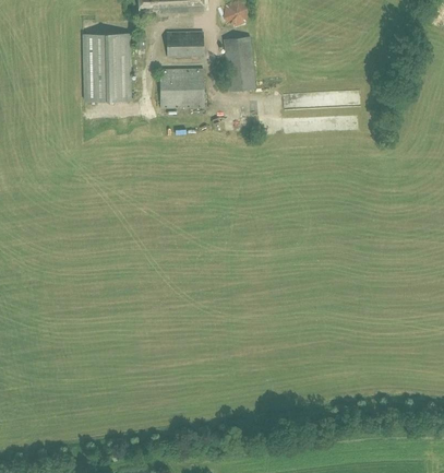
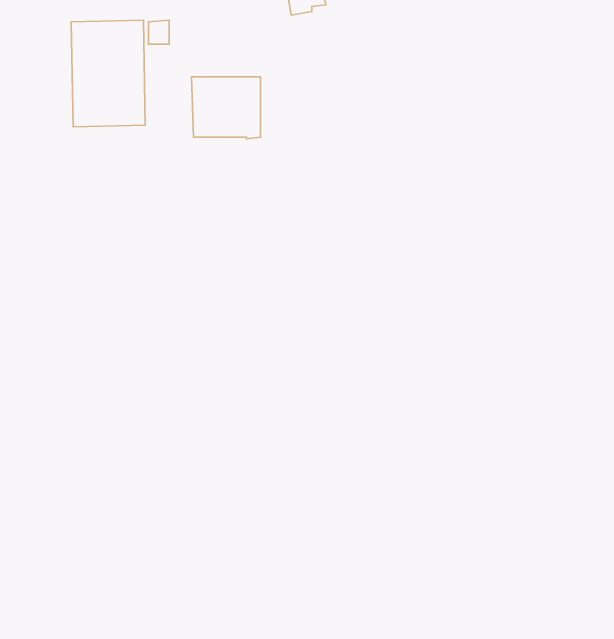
building: [167,31,204,57] -> none
building: [225,36,255,90] -> none

